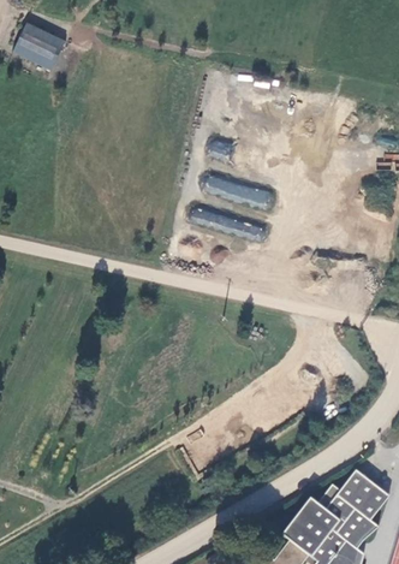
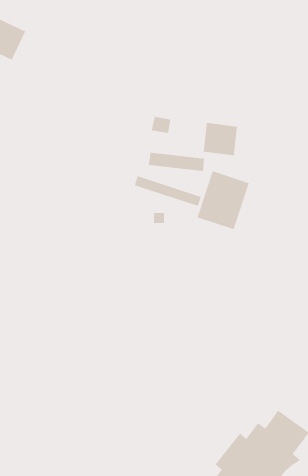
building: none -> [203,122,238,156]
building: none -> [197,170,250,230]

